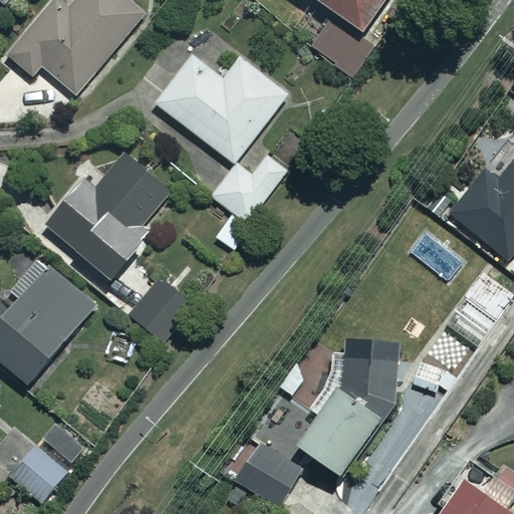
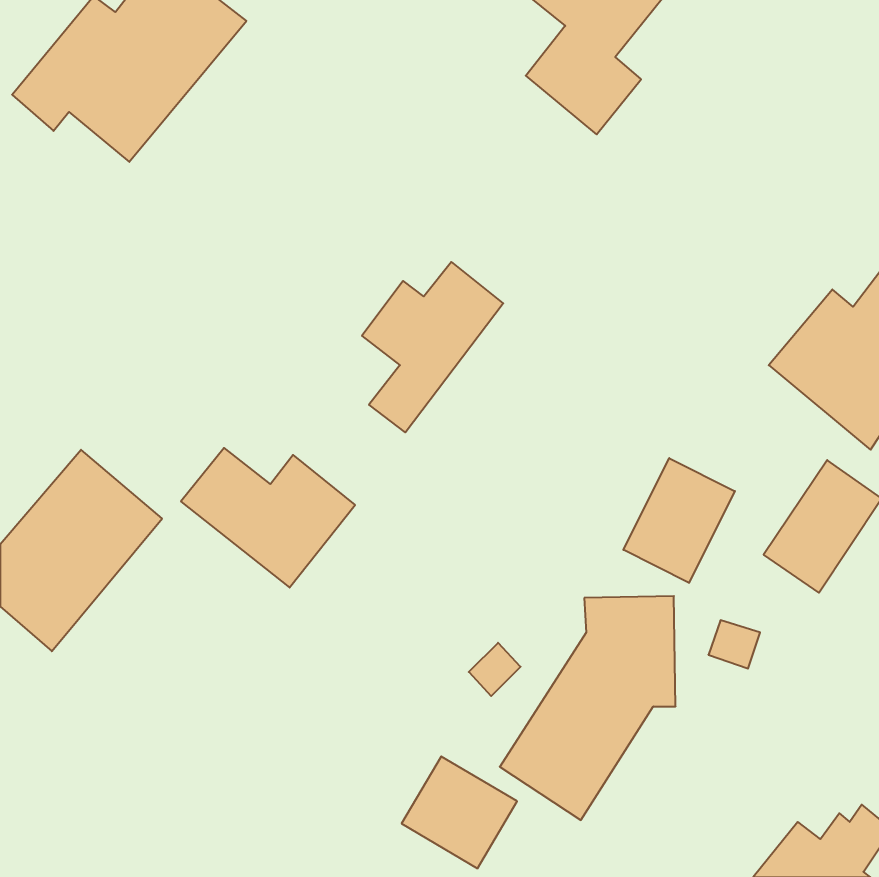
building: [155,56,286,163] -> none
building: [42,154,170,280] -> none
building: none -> [623,458,735,583]
building: [9,418,87,499] -> none

